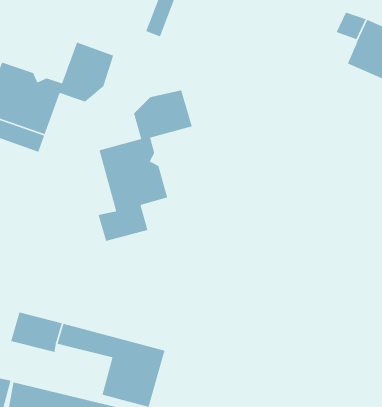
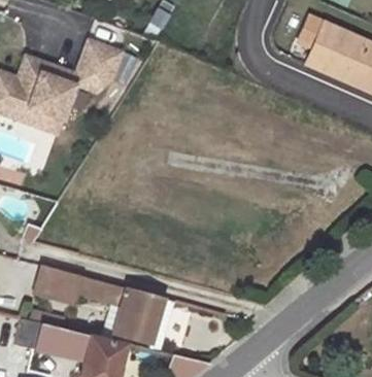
building: [98,89,193,242] -> none

